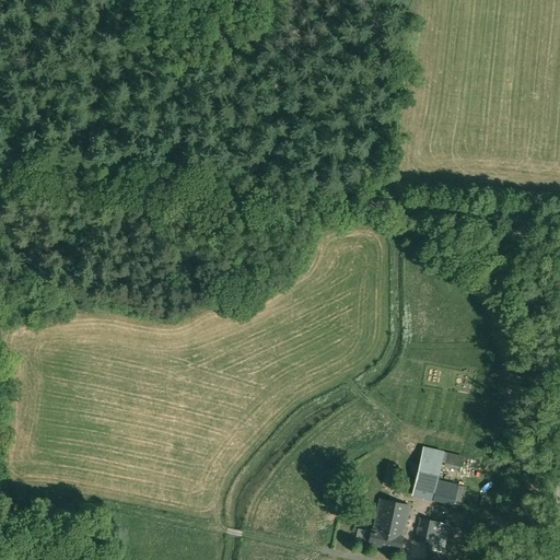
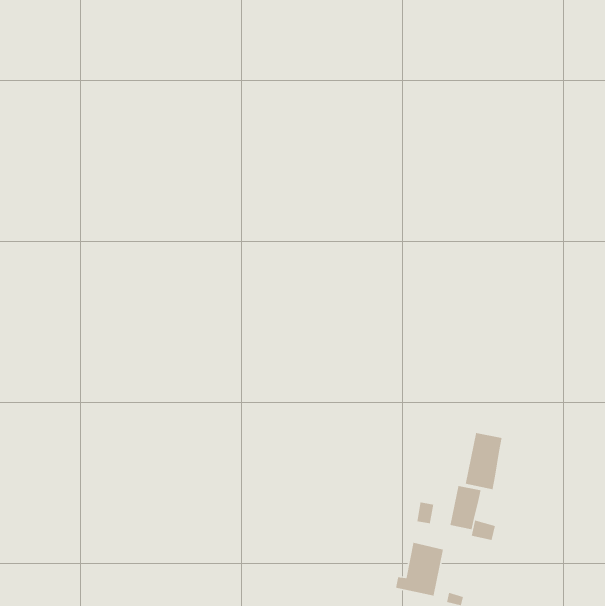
building: none -> [465,432,502,490]
building: [417,518,446,547] -> none

